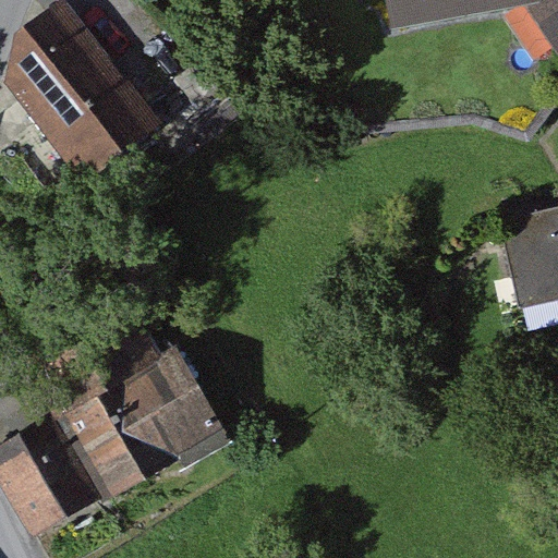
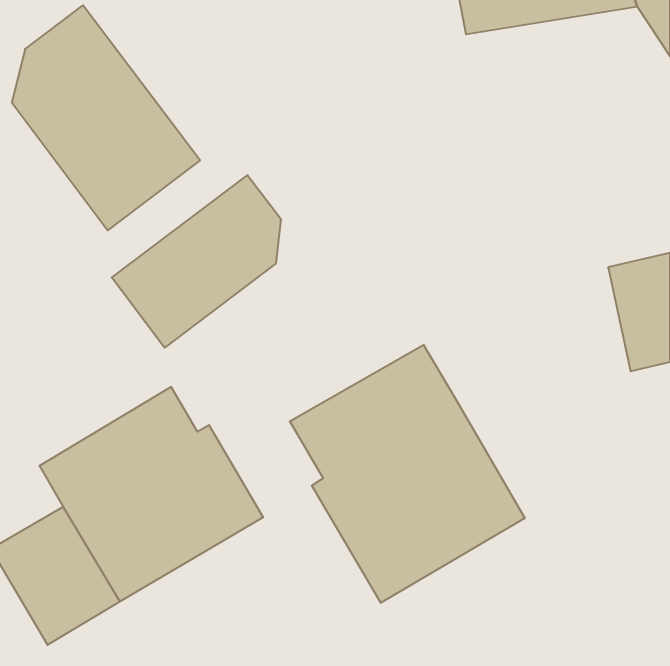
building: none -> [112,175,281,348]
building: none -> [290,345,525,603]

